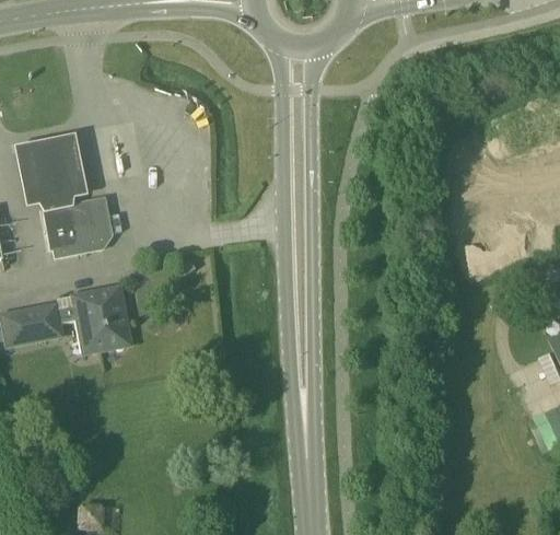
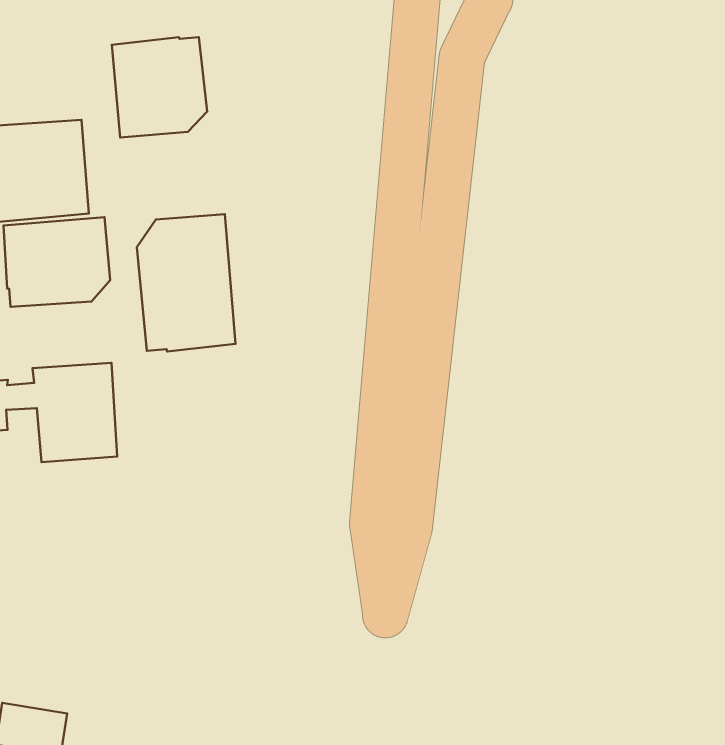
building: none -> [112,37,207,138]
building: none -> [137,214,235,352]

